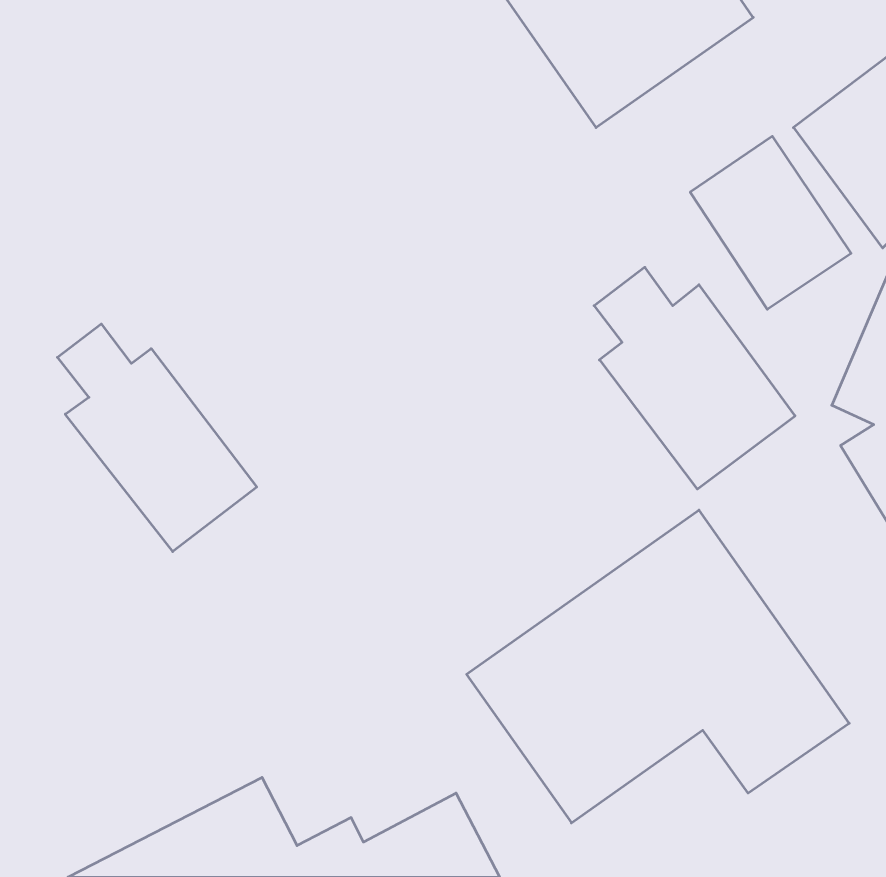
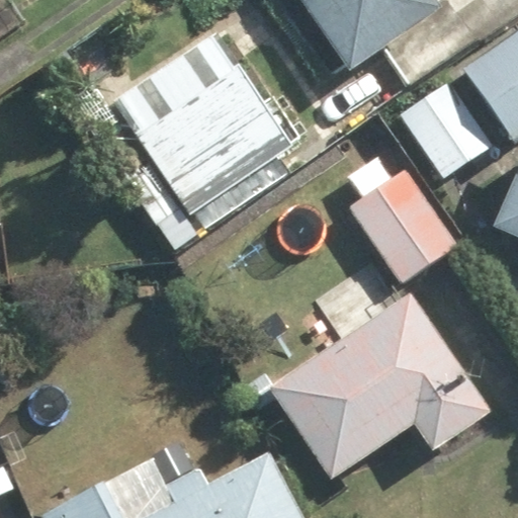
building: none -> [108,32,295,252]
building: [57,324,257,552] -> none

